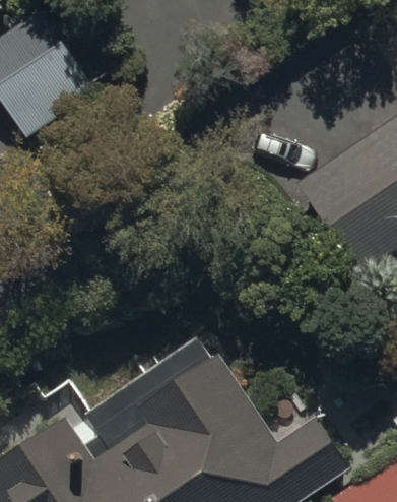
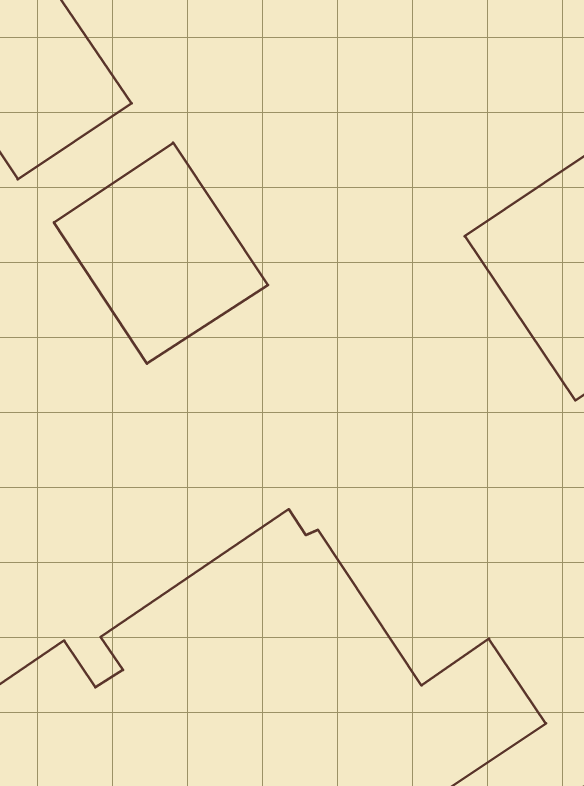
building: none -> [54,143,268,364]

